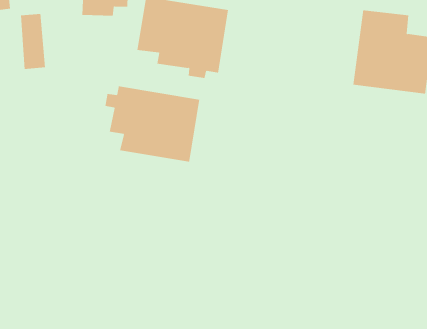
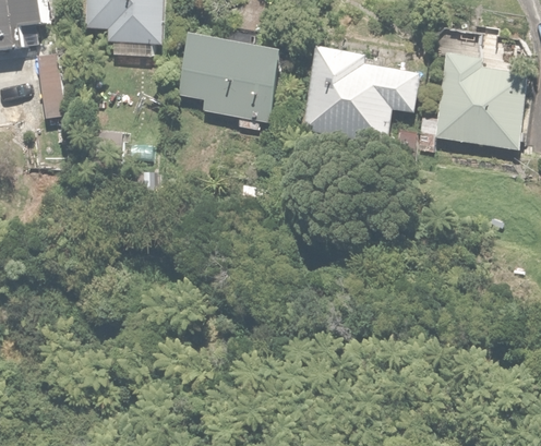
building: none -> [298,50,431,146]
building: [105,85,200,162] -> none

